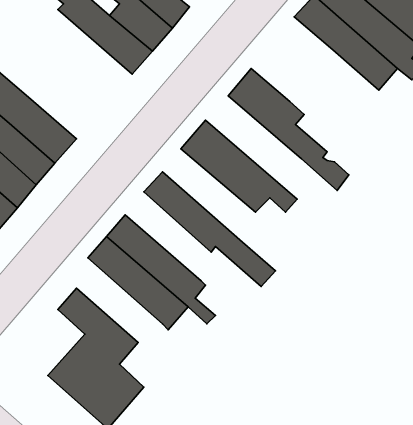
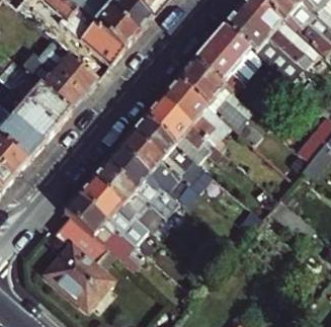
building: none -> [193,24,251,85]
building: none -> [37,40,96,110]
building: none -> [161,80,232,153]
building: none -> [131,117,201,183]
building: none -> [104,148,187,217]
building: none -> [64,194,135,266]

